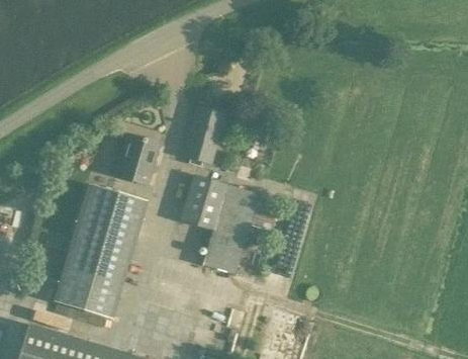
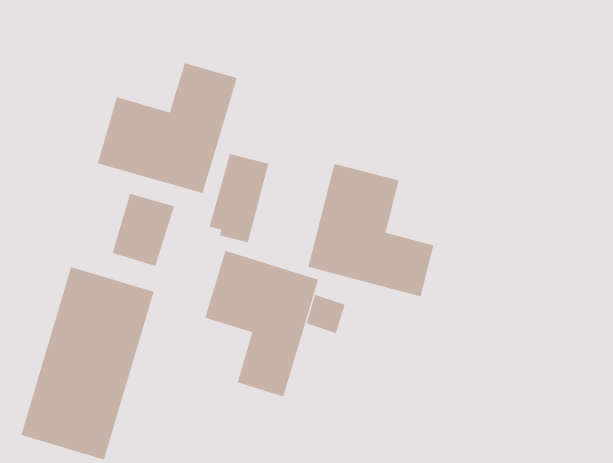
building: none -> [97,63,238,194]
building: none -> [308,163,434,297]

